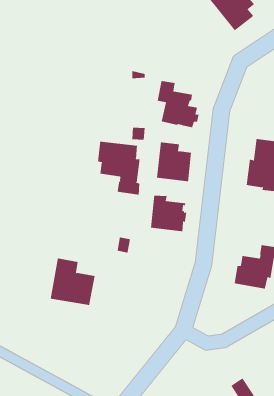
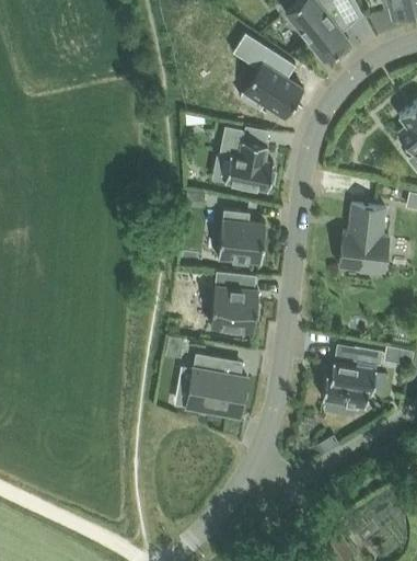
building: none -> [232,33,303,118]
building: [98,141,140,195] -> none
building: [50,258,96,305] -> [186,354,247,417]

